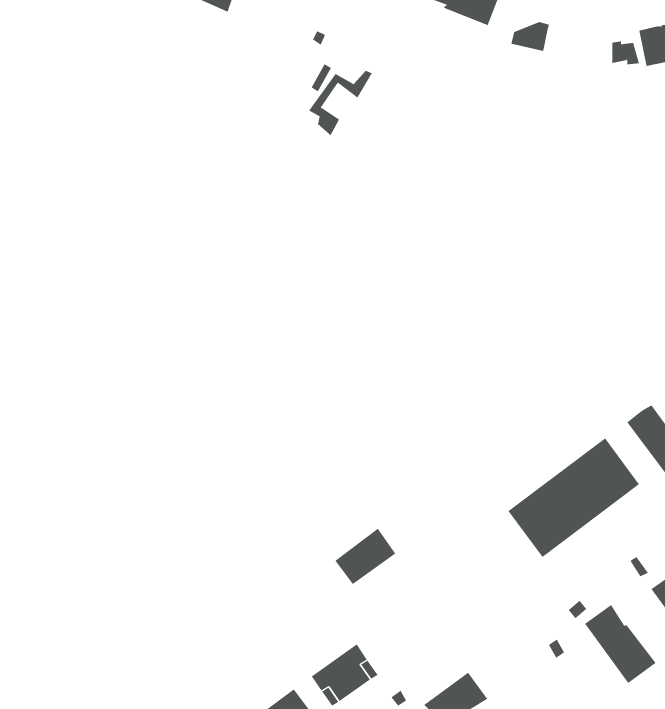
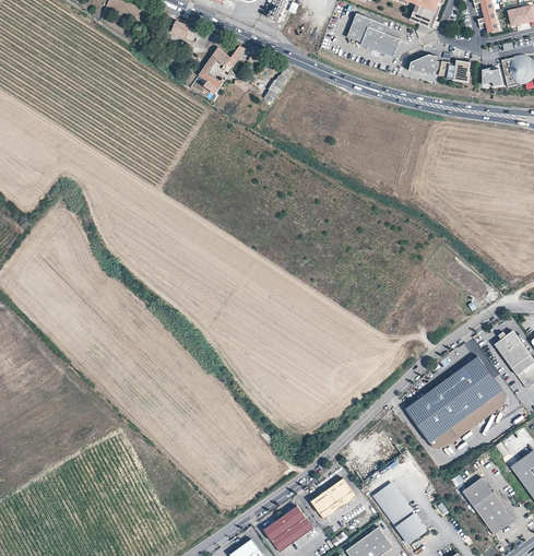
building: none -> [438,60,468,82]
building: [308,70,373,136] -> [198,46,245,94]
building: [334,528,396,585] -> [310,478,355,520]
building: none -> [373,484,425,543]

